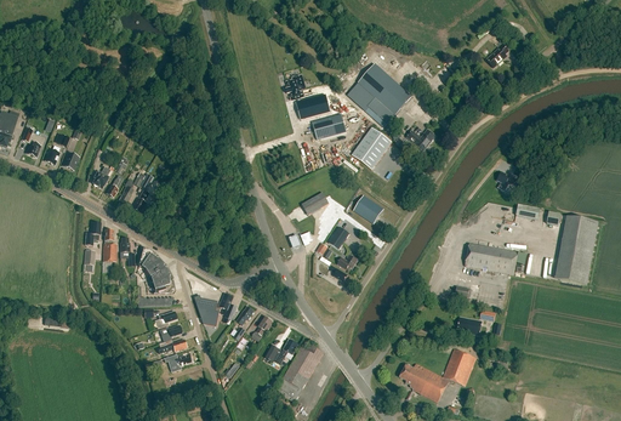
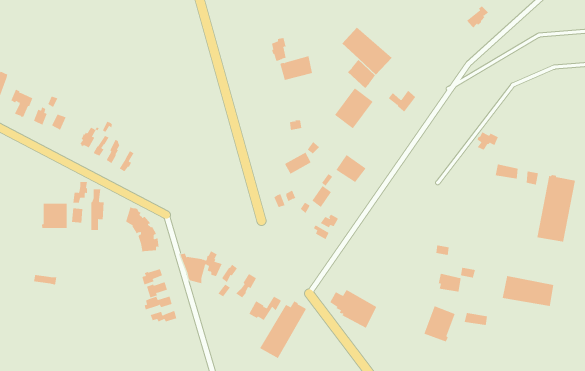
building: [312,114,346,140] -> none
building: [463,243,517,274] -> [502,275,554,306]
building: none -> [41,203,67,229]
building: [399,363,448,403] -> [329,289,377,328]

